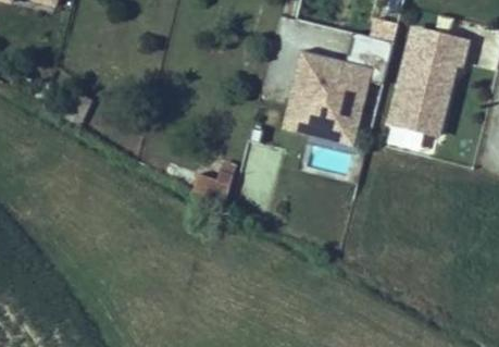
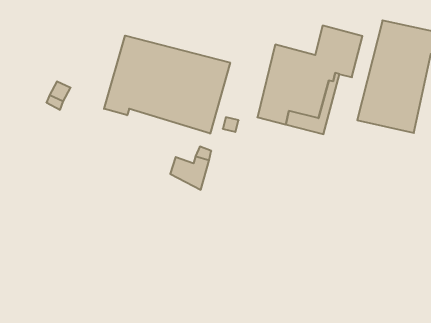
building: none -> [104,36,230,134]

